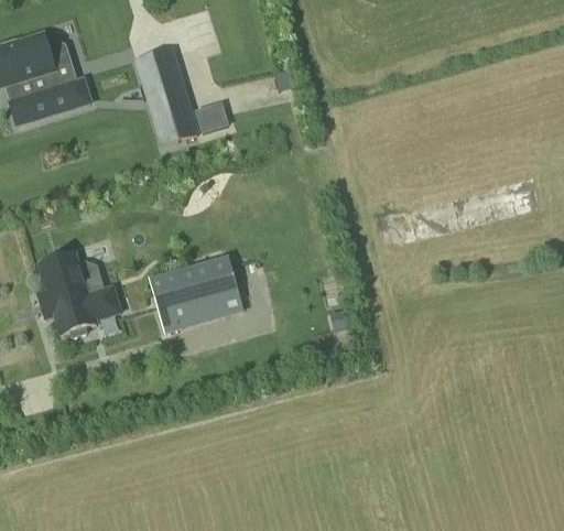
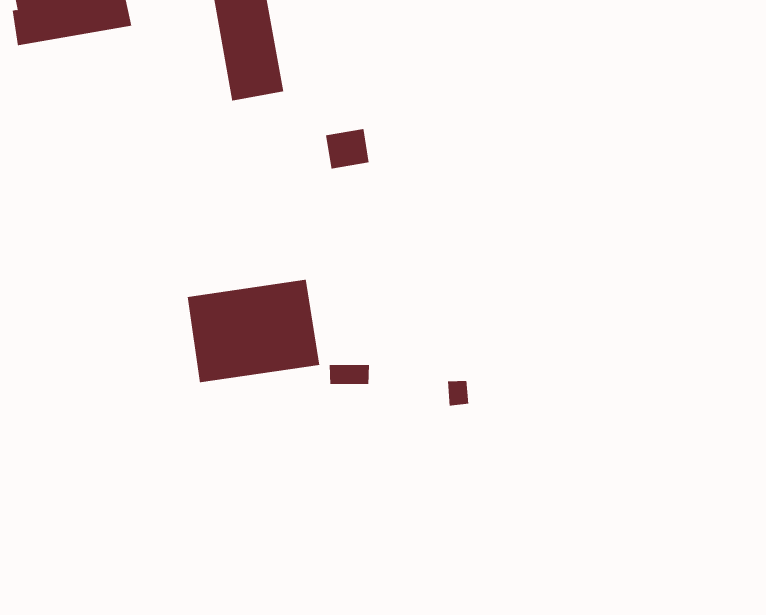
building: [195,101,227,131] -> [325,129,370,169]
building: [37,252,120,332] -> none

